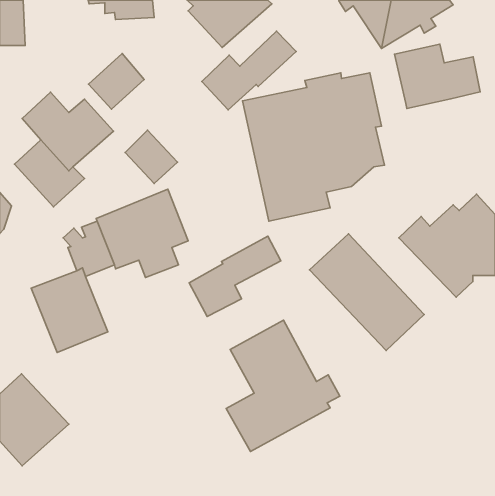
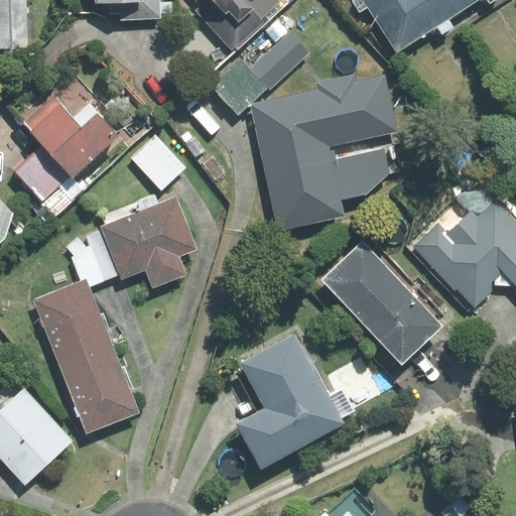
building: [394,44,480,108] -> none
building: [88,54,144,109] -> none
building: [189,236,281,317] -> none
building: none -> [59,345,138,433]

